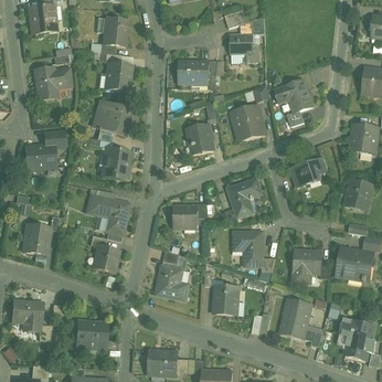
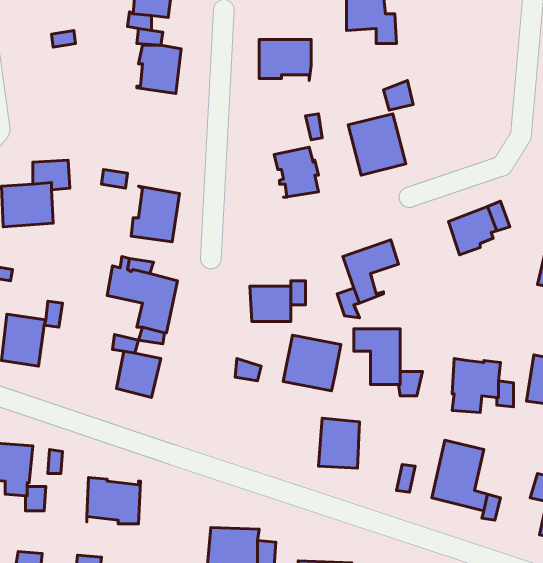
building: [33,66,70,100] -> none
building: [274,79,312,113] -> none
building: [96,100,128,136] -> none
building: [156,266,190,299] -> [283,335,341,391]

